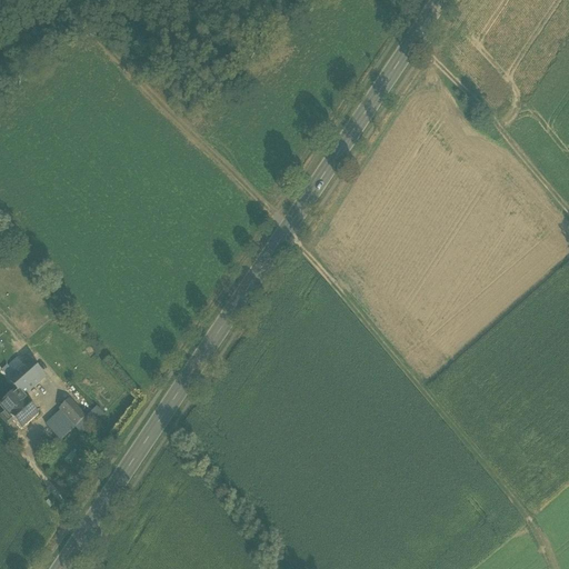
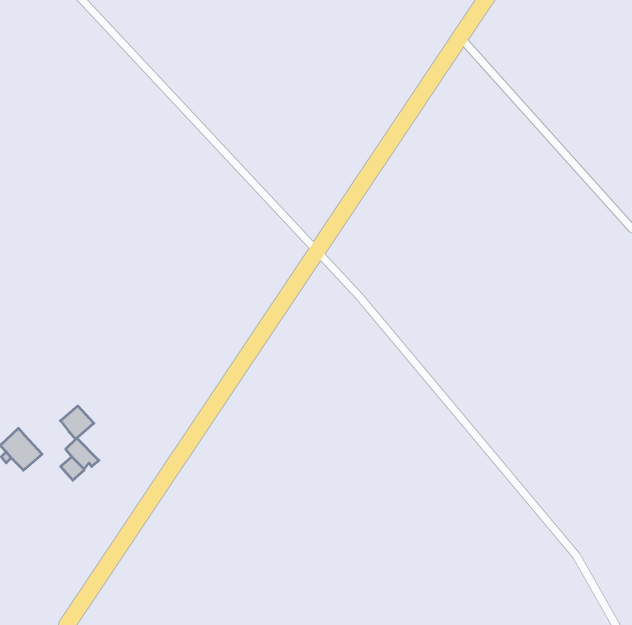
building: [9,361,39,391] -> [60,406,94,439]

